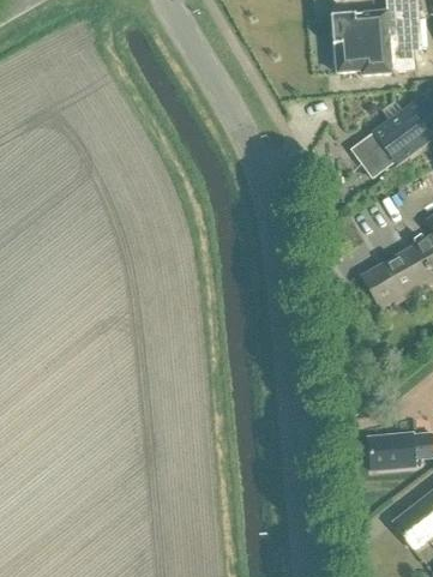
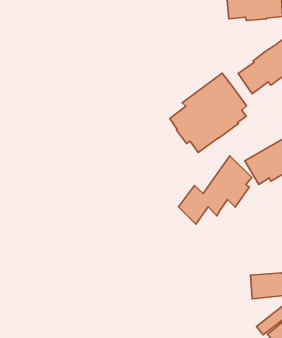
building: none -> [170,73,247,153]
building: none -> [178,156,252,224]

